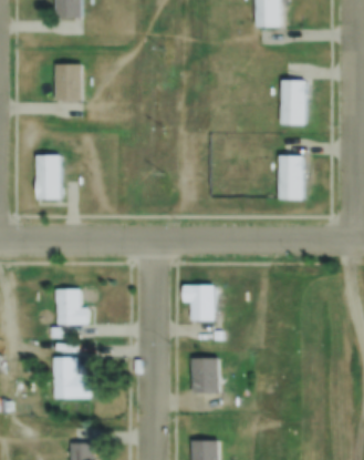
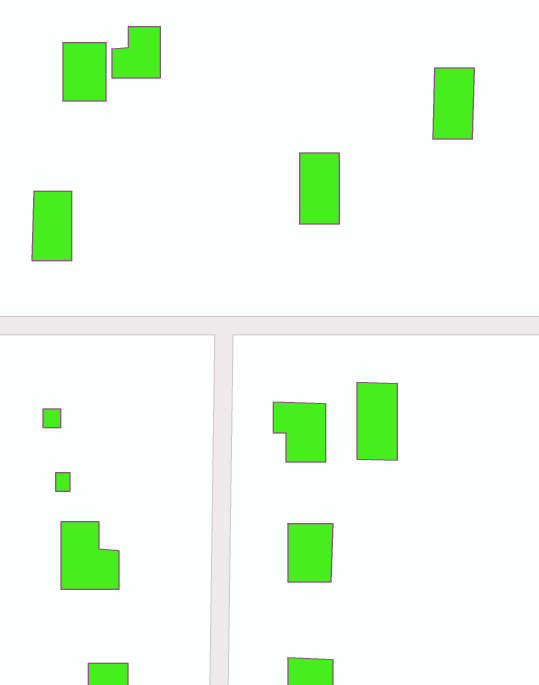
building: none -> [112,26,160,78]
building: [279,155,303,198] -> [299,153,339,224]
building: none -> [357,382,397,460]
building: [56,288,89,325] -> none

